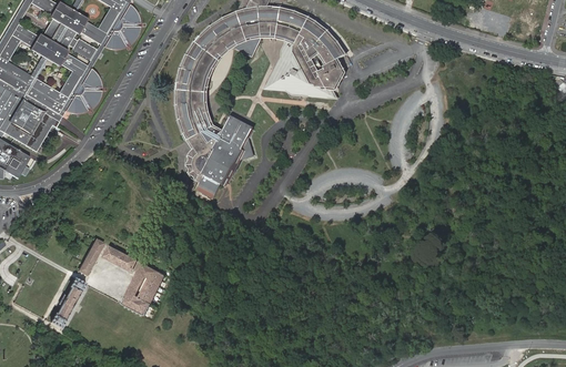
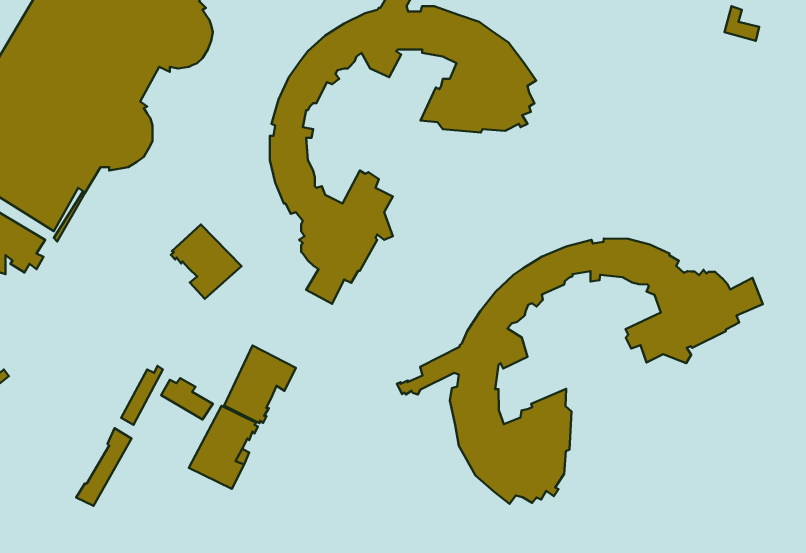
building: none -> [171,224,242,299]
building: none -> [397,238,763,504]
building: none -> [224,345,296,423]

